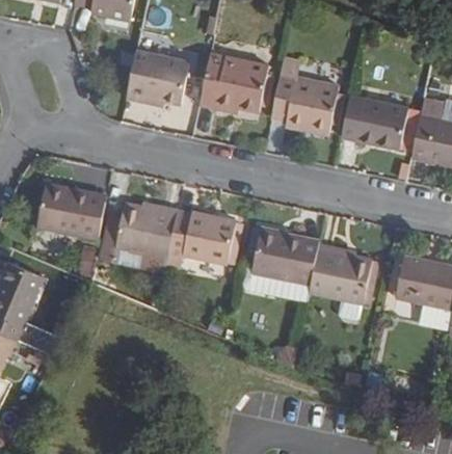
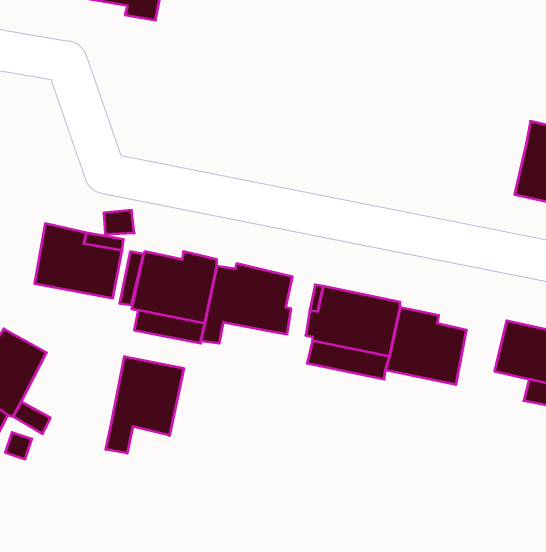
building: [122,52,188,103] -> none
building: [198,55,267,112] -> none
building: [270,56,339,132] -> none
building: [343,96,409,151] -> none
building: none -> [106,356,184,453]

